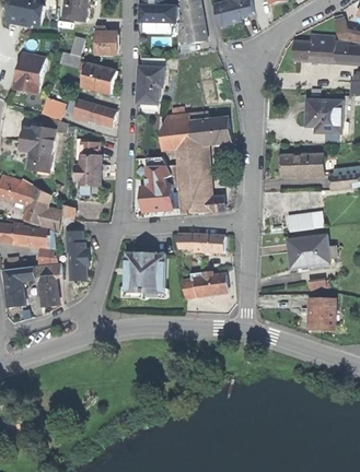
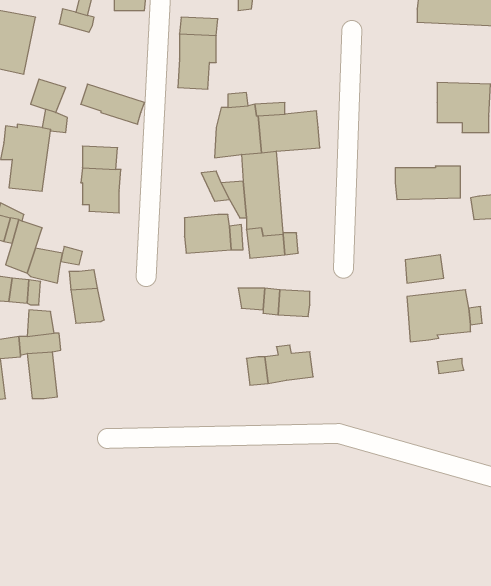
building: [81,63,115,93] -> none
building: [126,252,165,293] -> none
building: [70,256,89,286] -> none
building: [307,299,333,330] -> none

